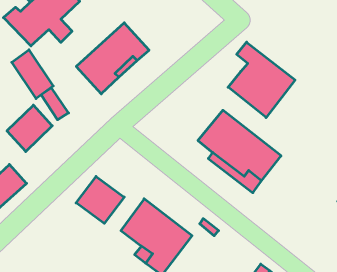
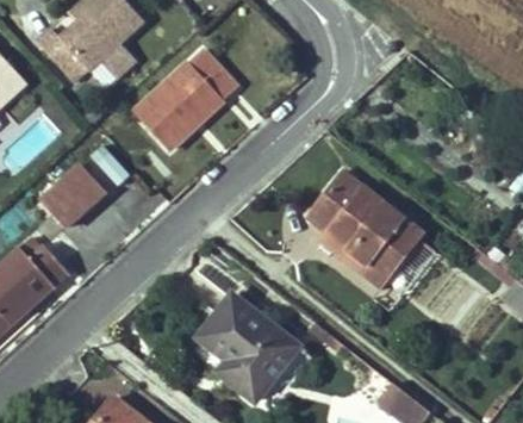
building: [228,42,295,118] -> none
building: [12,50,53,99] -> none
building: [76,176,124,223] -> none

